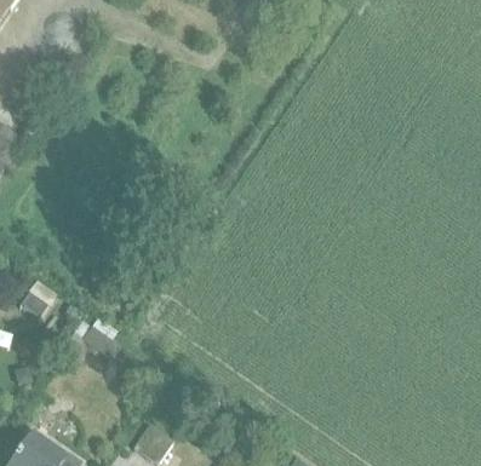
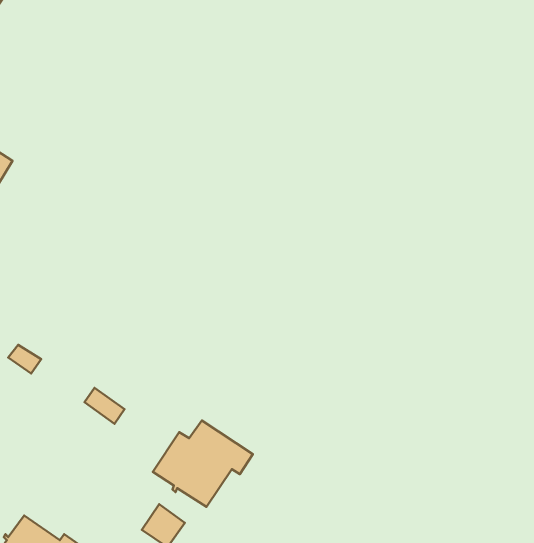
building: none -> [153,421,253,507]

